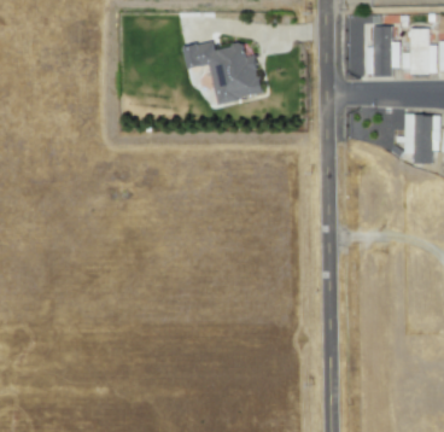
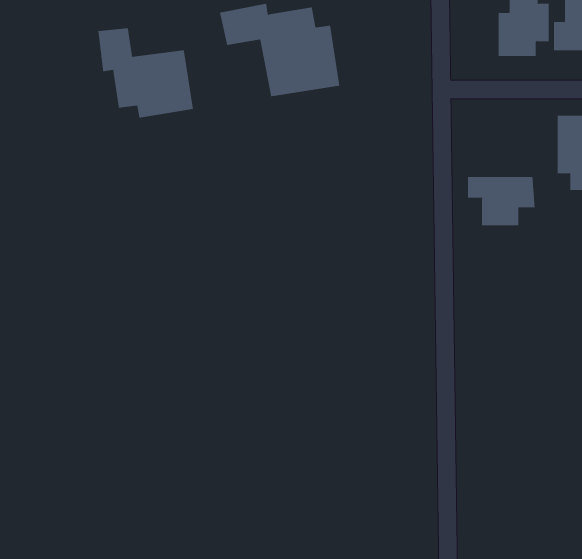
building: none -> [98,28,194,119]
building: none -> [468,176,535,226]

